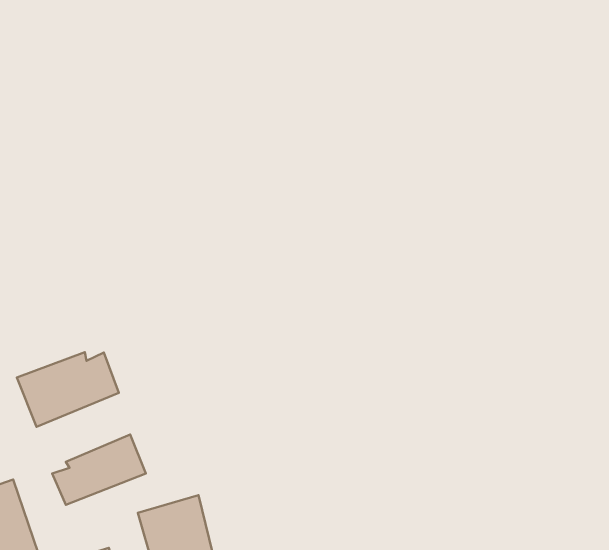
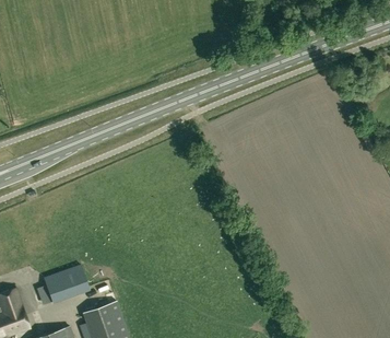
building: [17,352,119,427] -> none

